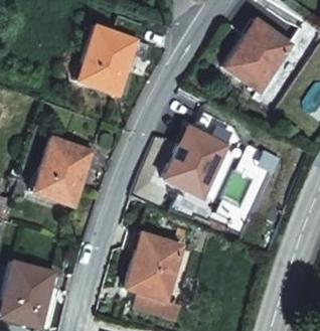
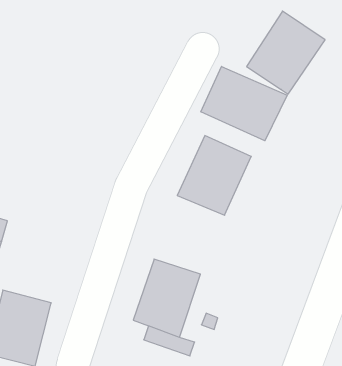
building: [74,27,136,95] -> none
building: none -> [201,66,287,141]
building: [33,140,94,209] -> none

